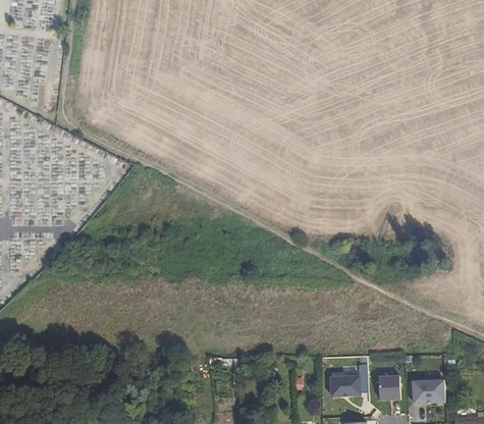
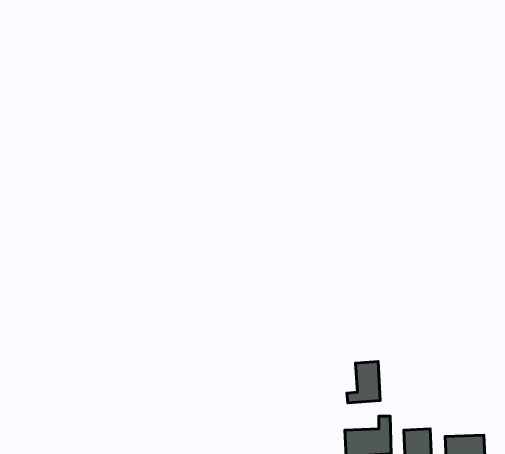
building: none -> [347,362,380,403]

